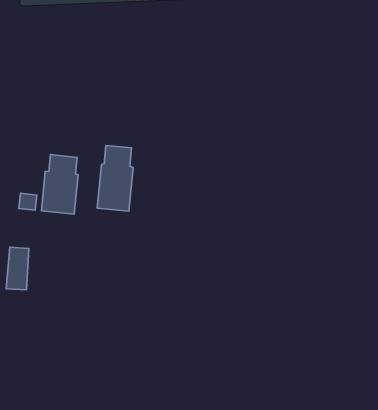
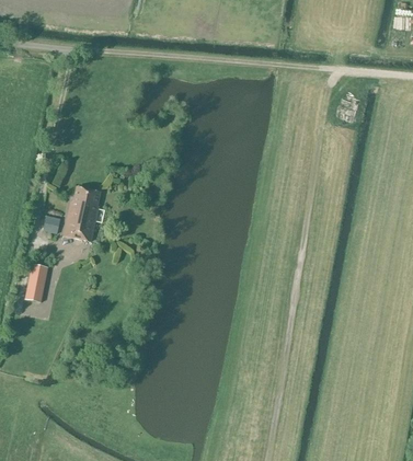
building: [97,146,133,211] -> none

